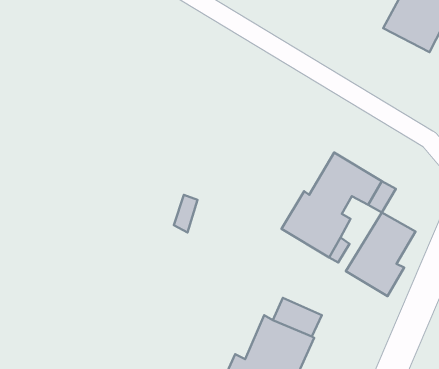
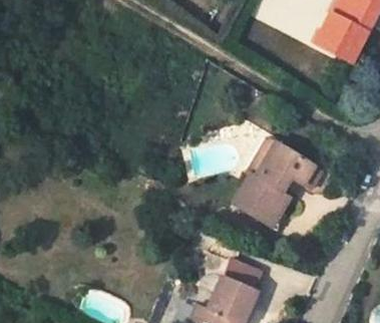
building: [346,212,415,296] -> none

